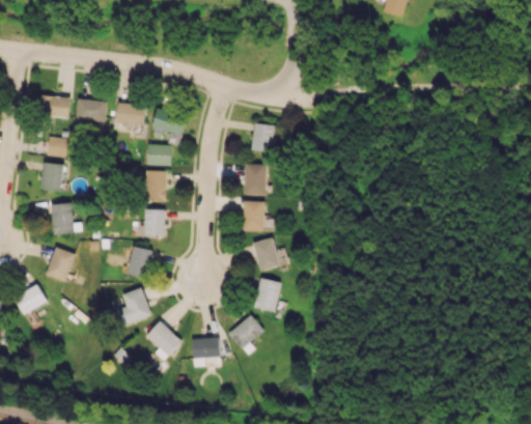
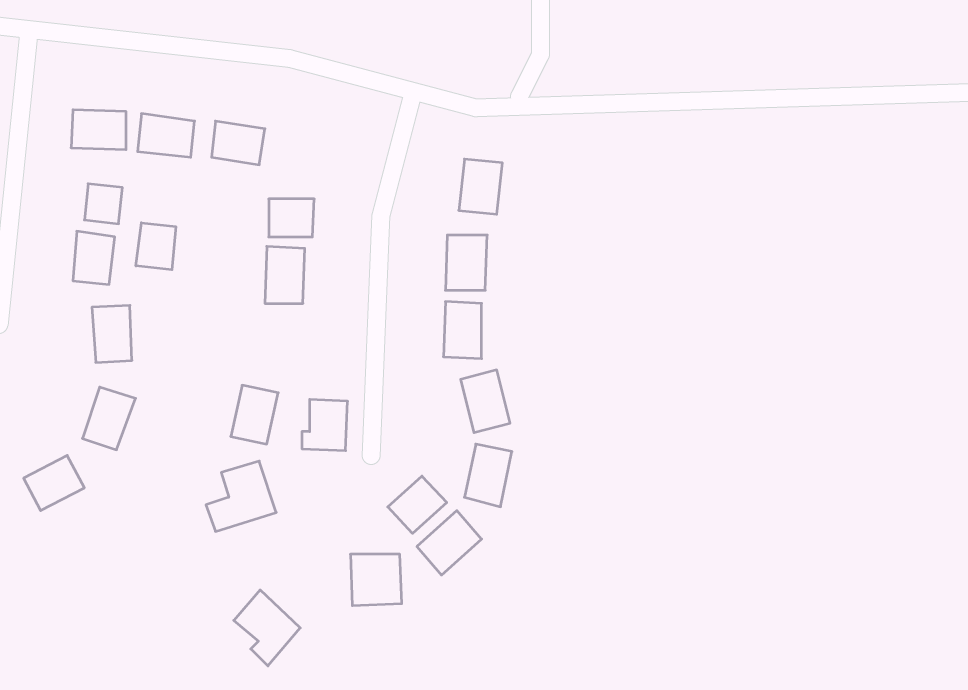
building: [151,107,187,135] -> none
building: none -> [136,223,176,270]
building: [140,208,165,236] -> [302,399,348,451]
building: none -> [388,476,447,533]
building: [145,320,181,362] -> [234,590,300,666]

